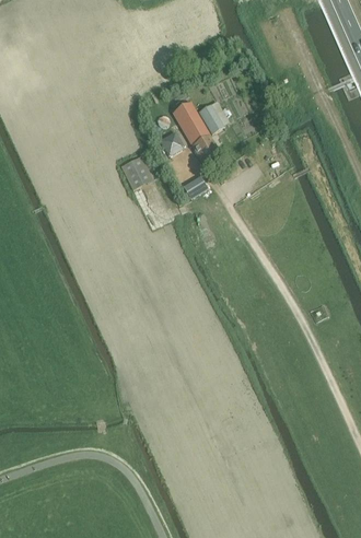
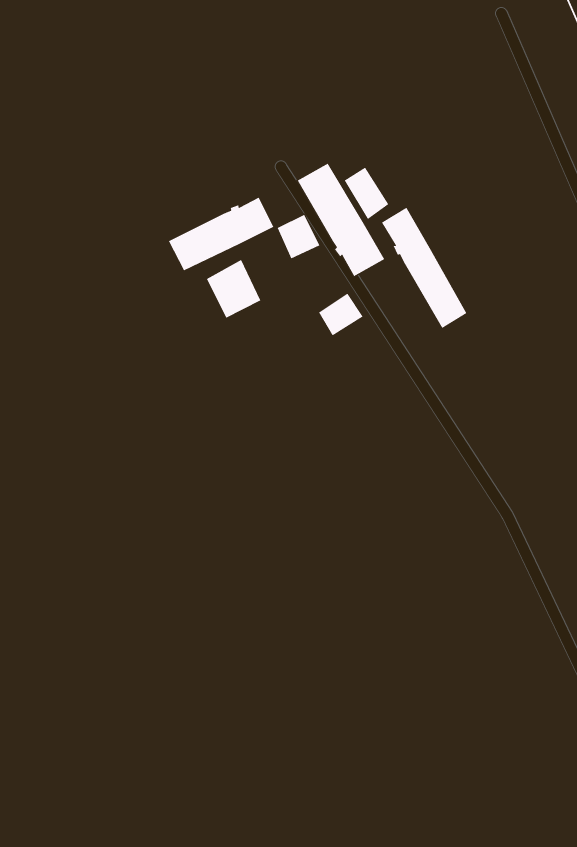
building: none -> [168,197,274,271]
building: none -> [381,207,467,329]

